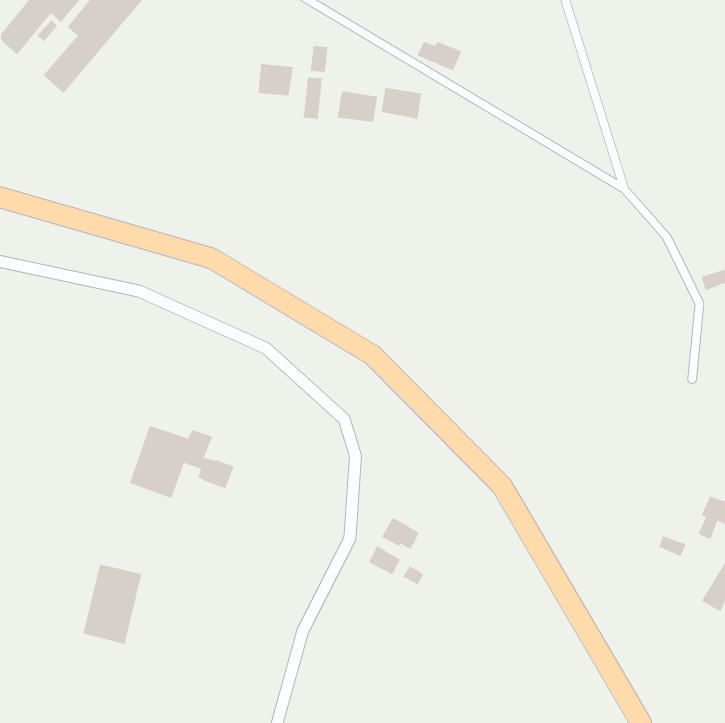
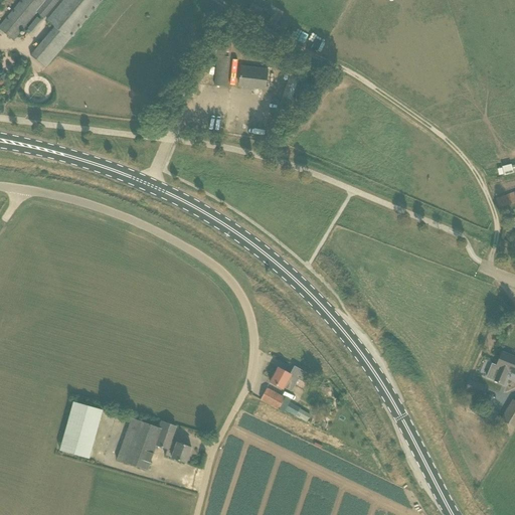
building: [258,63,294,96] -> none
building: [381,87,422,120] -> none
building: [129,425,234,499] -> [118,416,192,469]

